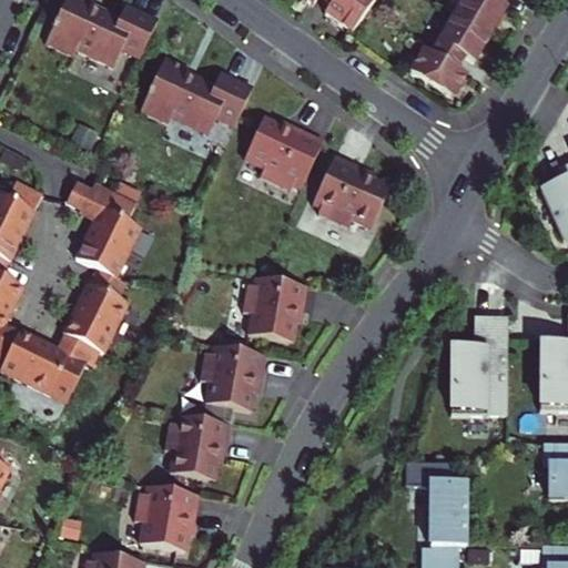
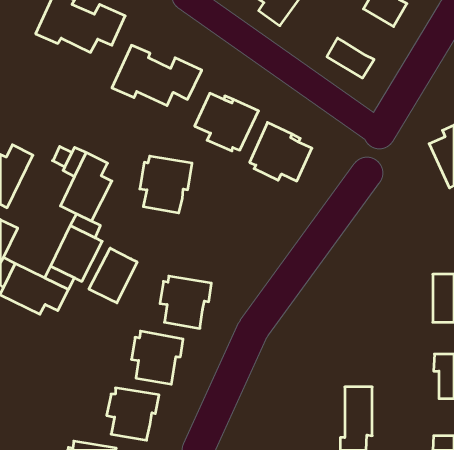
building: [429,11,491,69] -> none
building: [242,276,307,347] -> [140,156,192,213]
building: none -> [89,248,137,303]
building: [452,316,506,412] -> none

